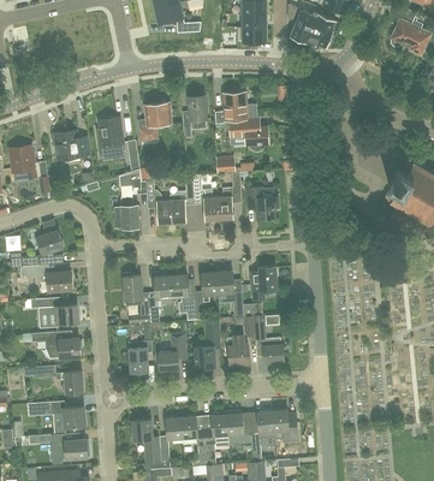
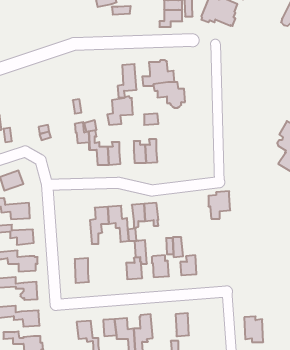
building: [138,100,171,136] -> [107,96,133,125]
building: [97,117,123,146] -> none
building: [54,130,88,162] -> none
building: [246,186,278,220] -> none
building: [114,196,139,227] -> none
building: [249,265,277,299] -> [208,191,230,219]
building: [123,272,150,325] -> none
building: [156,332,186,369] -> none
building: [272,409,296,441] -> [244,316,263,342]
building: [225,410,250,441] -> none

